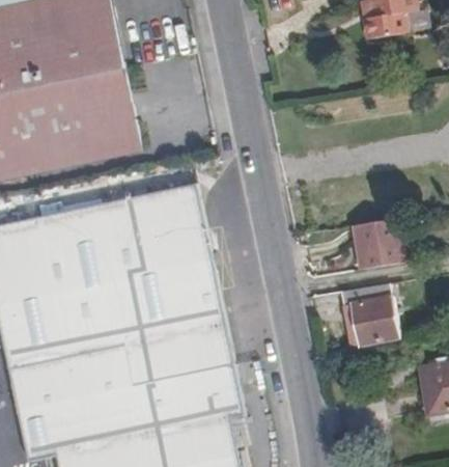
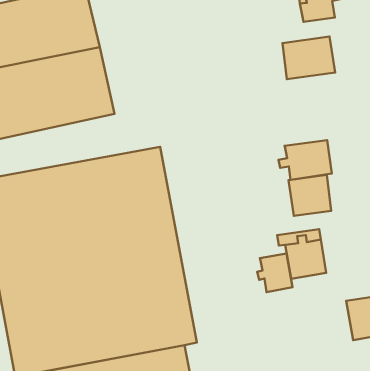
building: none -> [282,37,335,79]
building: none -> [278,140,332,180]
building: none -> [257,254,292,292]

